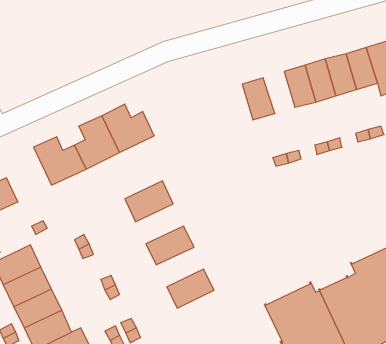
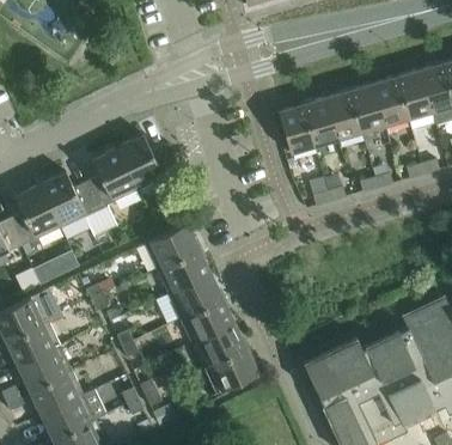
building: none -> [301,98,337,146]
building: none -> [8,184,60,246]
building: none -> [155,249,210,294]
building: none -> [179,298,233,343]
building: none -> [203,347,258,394]

